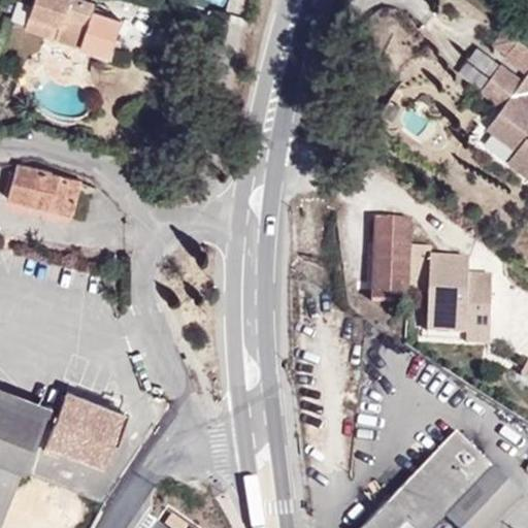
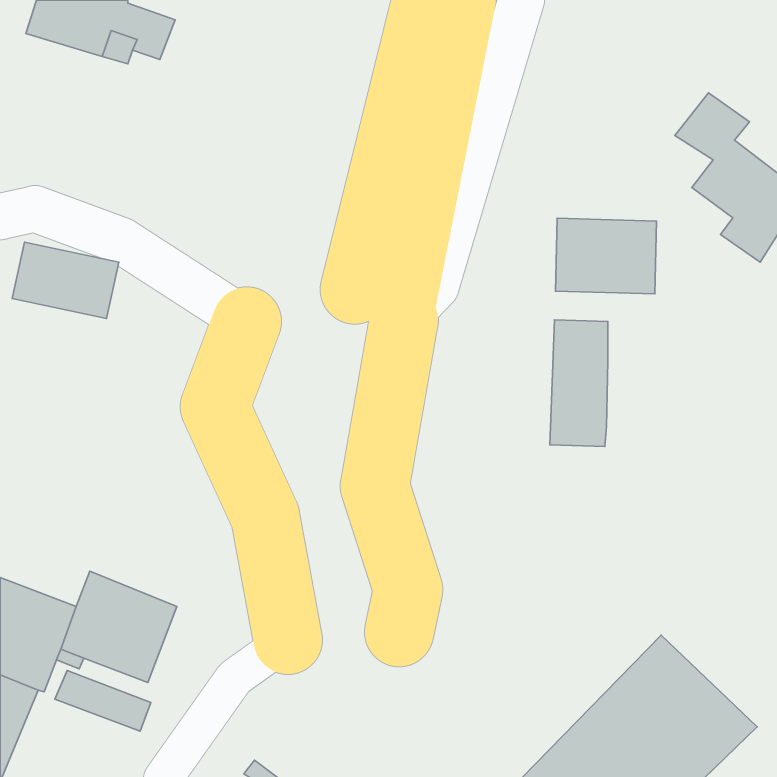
building: none -> [555,218,656,294]
building: [411,245,493,344] -> none

